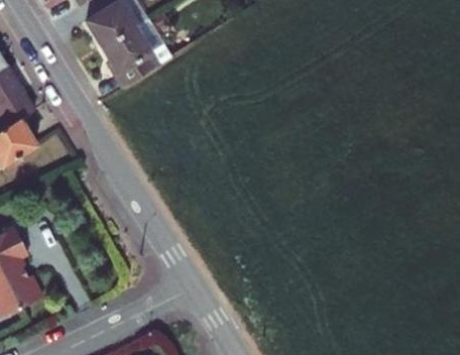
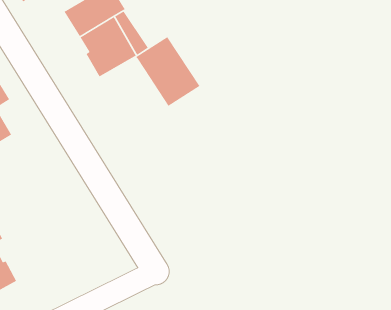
building: none -> [135,36,201,107]

